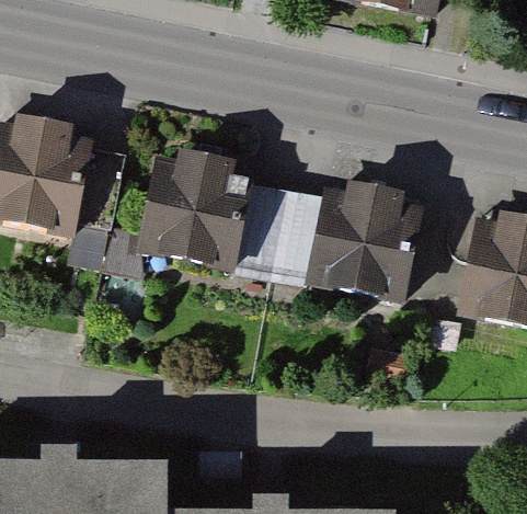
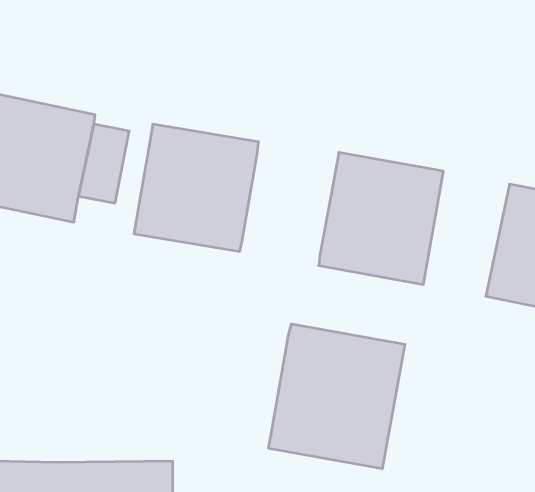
building: [231,179,319,274] -> none
building: none -> [269,324,405,469]

